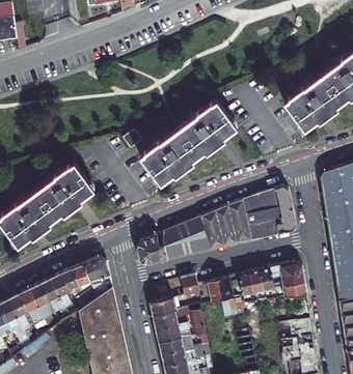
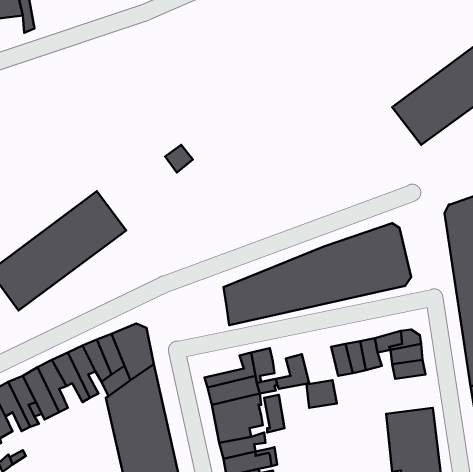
building: [138,100,236,185] -> none
building: [137,232,166,264] -> none
building: [218,275,244,300] -> none

